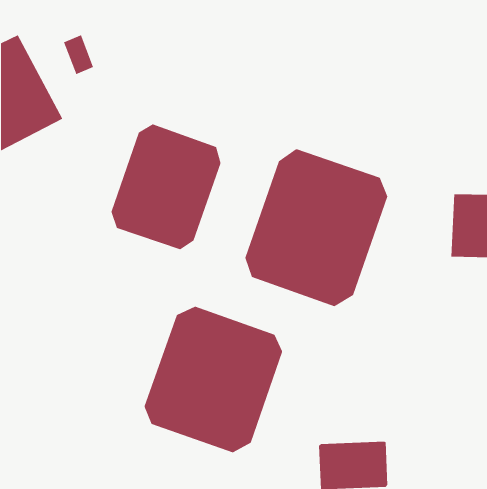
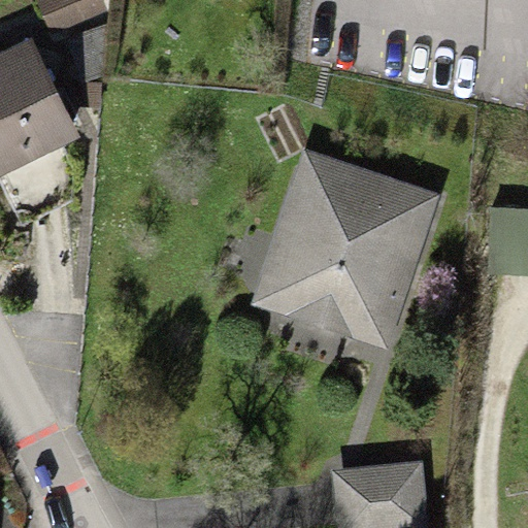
building: [111,123,221,250] -> none
building: [144,306,283,453] -> none

